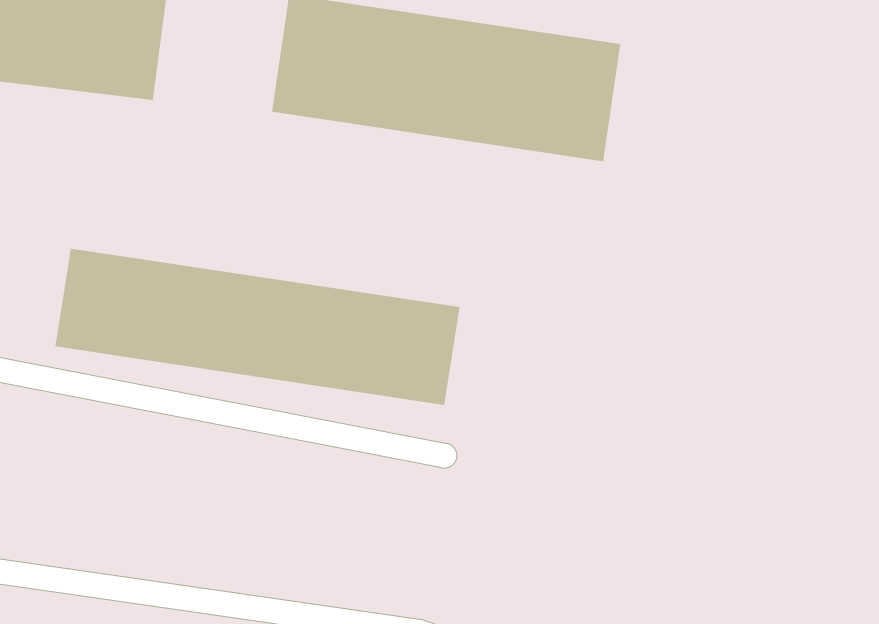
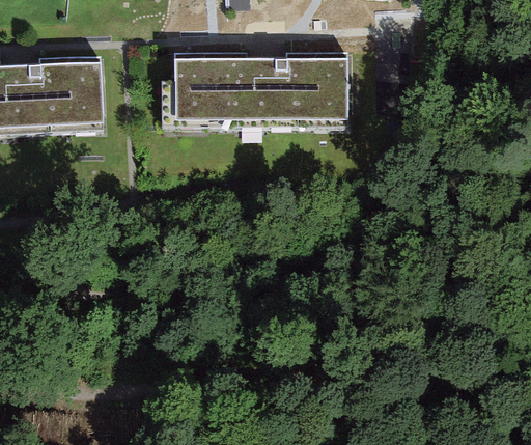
building: [54,248,460,406] -> none

